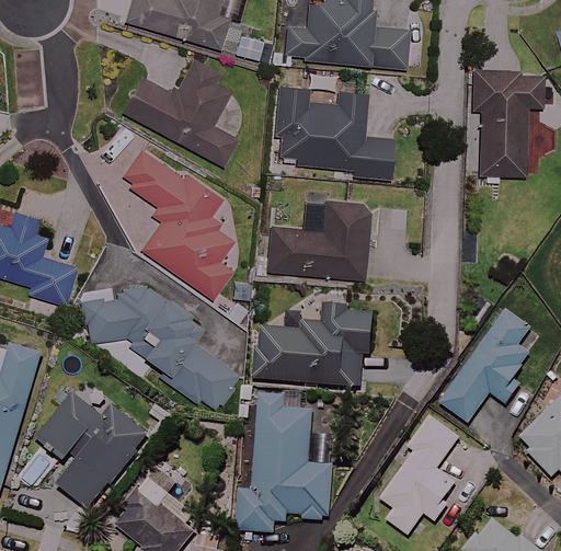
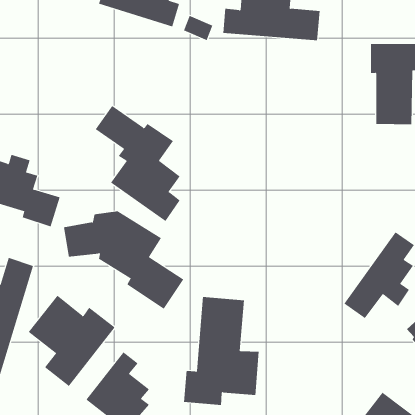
building: [123,56,237,164] -> none
building: [274,85,396,179] -> none
building: [267,203,370,277] -> none
building: [251,305,376,386] -> none
building: [379,416,456,533] -> none

